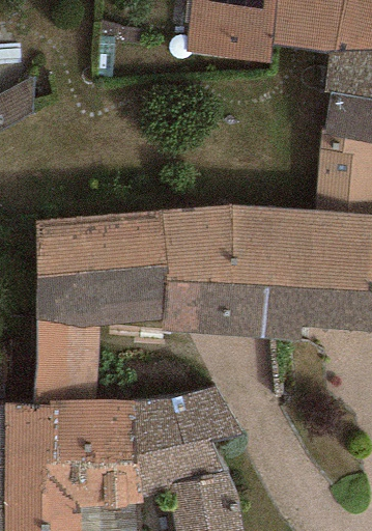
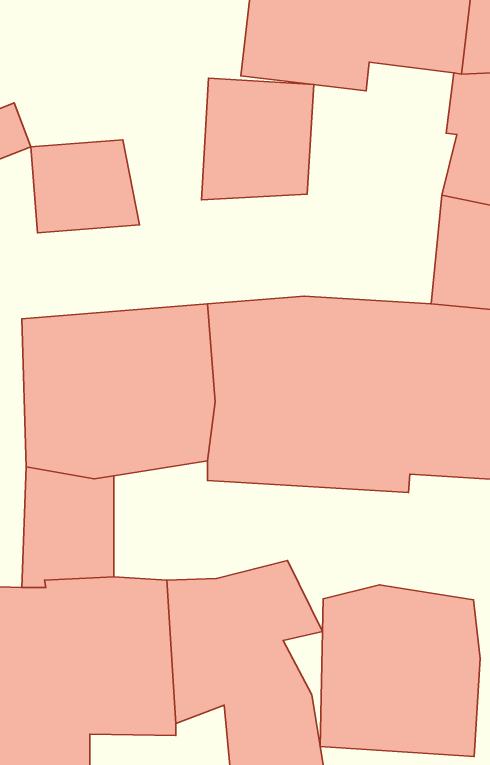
building: none -> [201,78,314,200]
building: none -> [31,140,140,233]
building: none -> [320,585,480,756]

